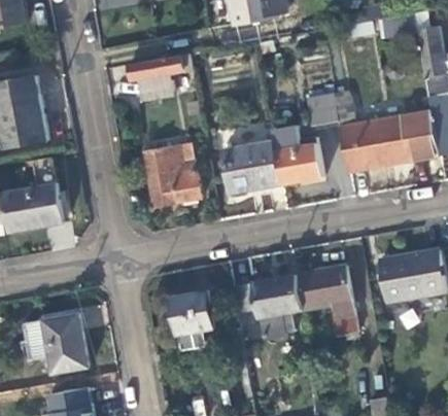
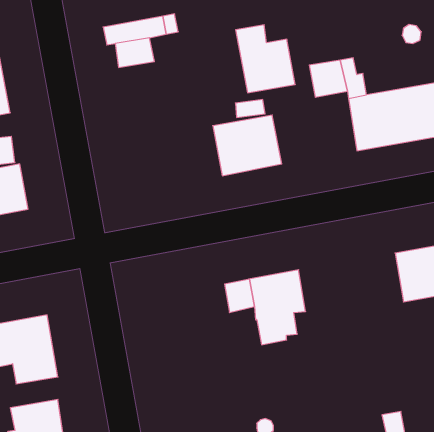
building: [271,124,322,182] -> [236,25,295,93]
building: [143,143,199,206] -> none
building: [296,265,356,336] -> none
building: [170,290,214,350] -> none

